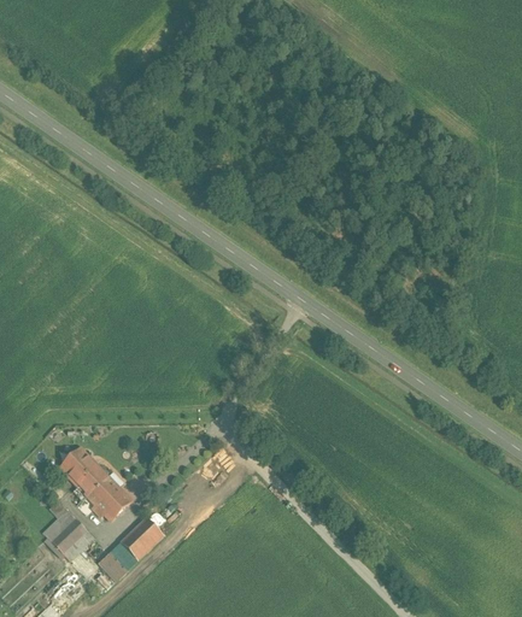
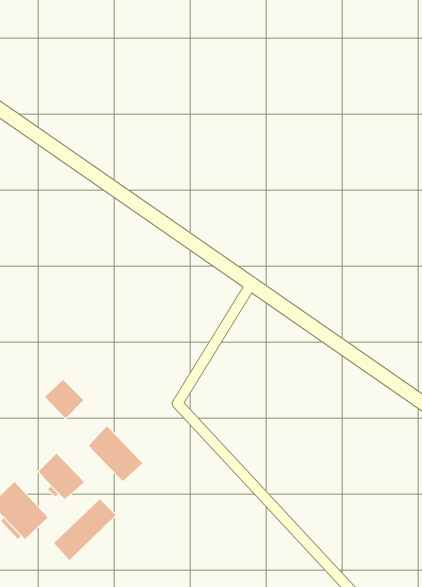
building: none -> [88,425,143,482]
building: [61,448,102,489] -> [44,379,84,419]

